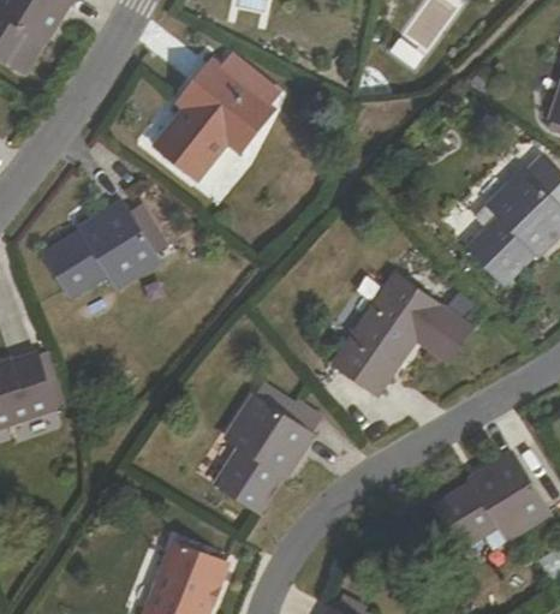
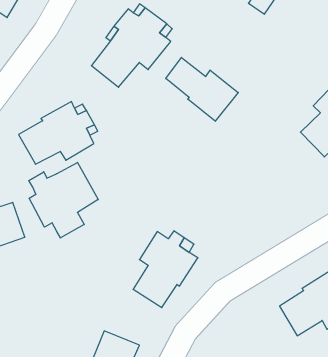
building: none -> [166,57,238,121]
building: [333,274,473,394] -> none
building: none -> [29,162,98,238]

